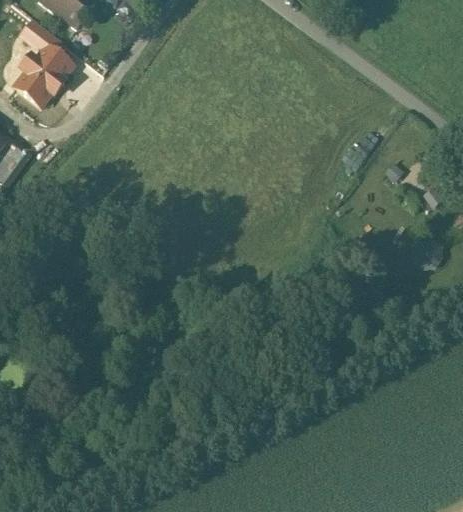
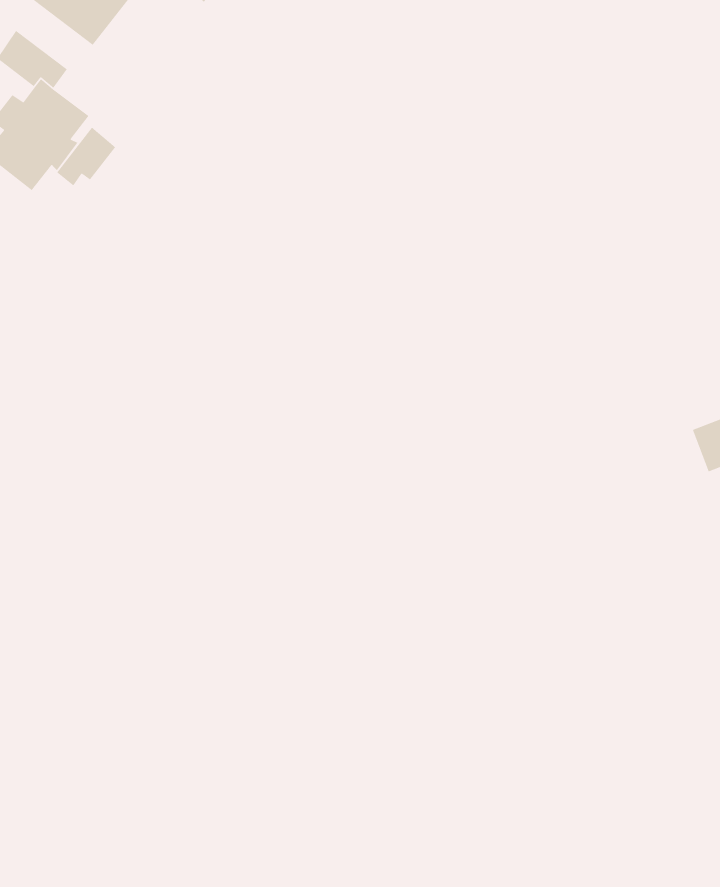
building: none -> [56,127,116,187]

